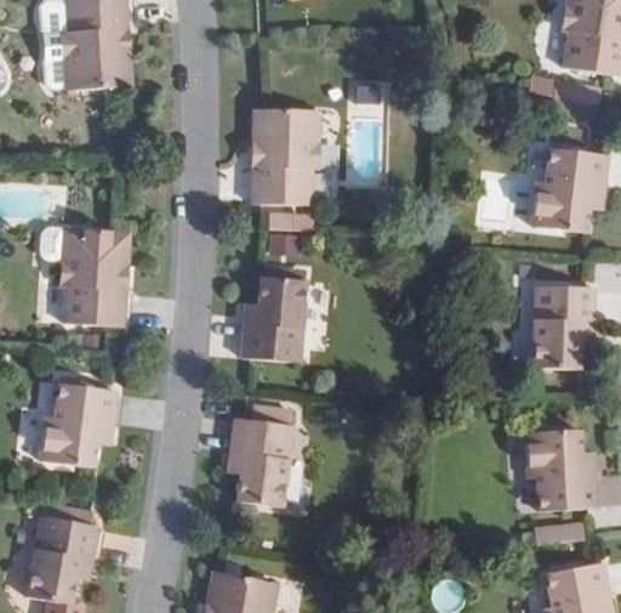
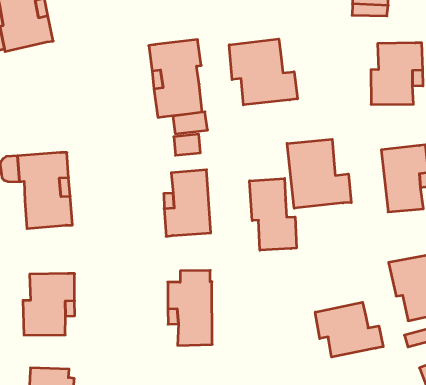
building: none -> [229,39,297,105]
building: none -> [287,139,351,208]
building: none -> [250,178,296,250]
building: none -> [315,302,383,357]

